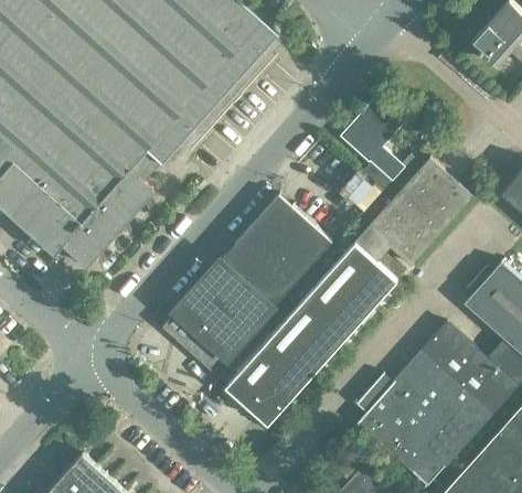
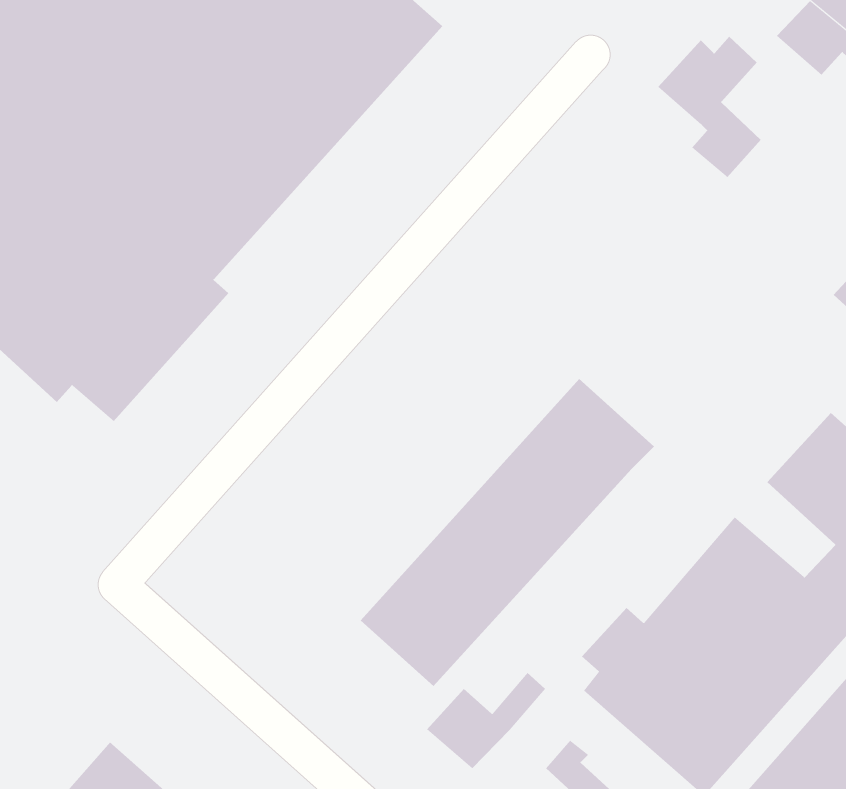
building: [343,107,404,190] -> [657,36,761,178]
building: [355,159,473,267] -> none
building: [162,194,331,371] -> none
building: none -> [426,672,546,769]

